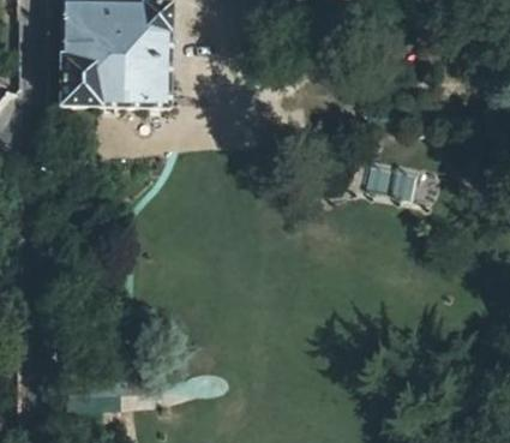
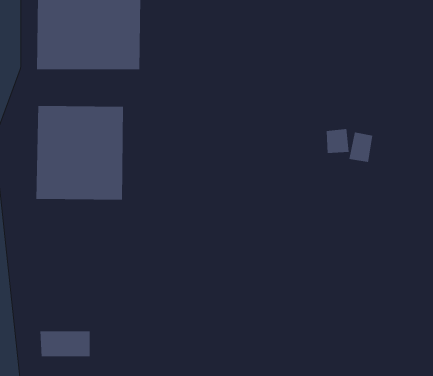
building: none -> [36,105,124,200]

